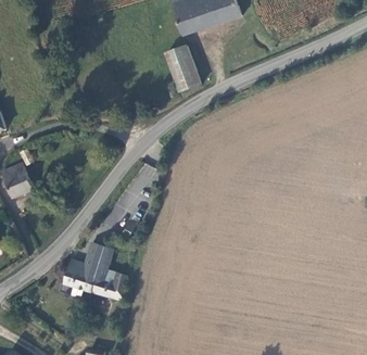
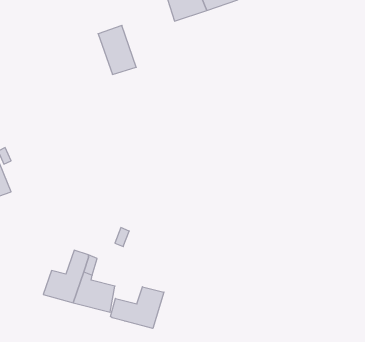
building: [166,47,201,91] -> [98,25,136,74]
building: none -> [111,287,164,328]

